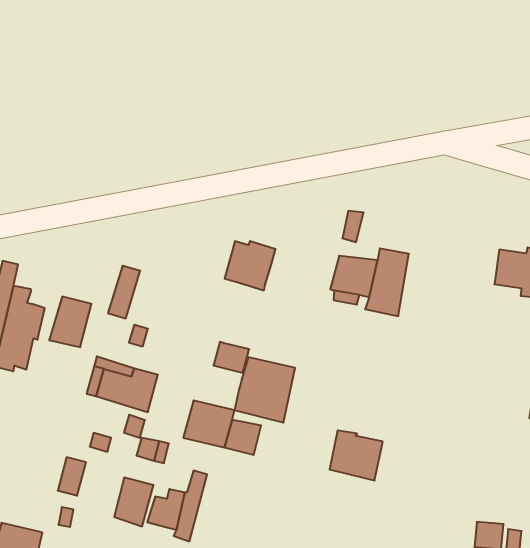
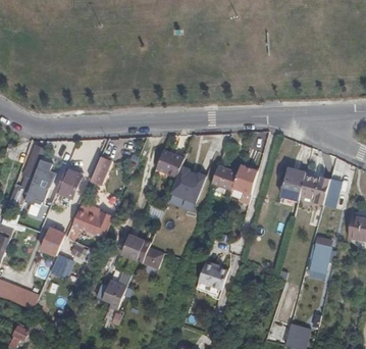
building: none -> [278,167,304,199]
building: [235,357,295,423] -> [169,165,205,203]
building: [114,478,154,526] -> [40,229,63,256]

